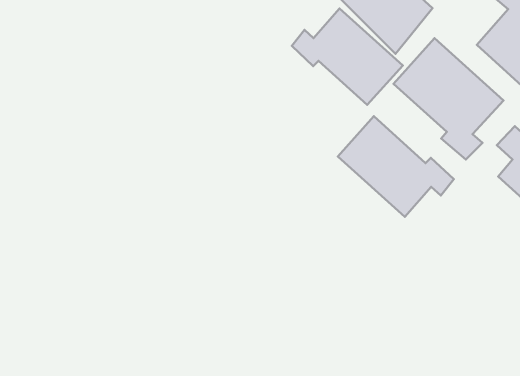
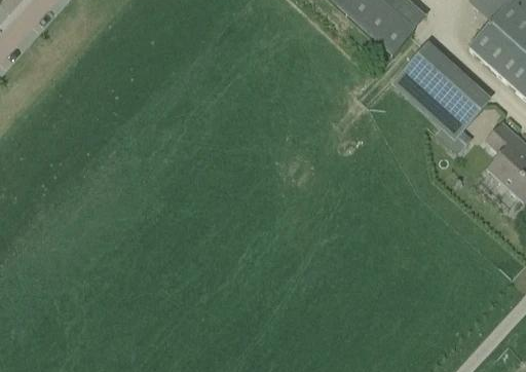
building: [292,8,403,105] -> none
building: [338,116,454,217] -> none

